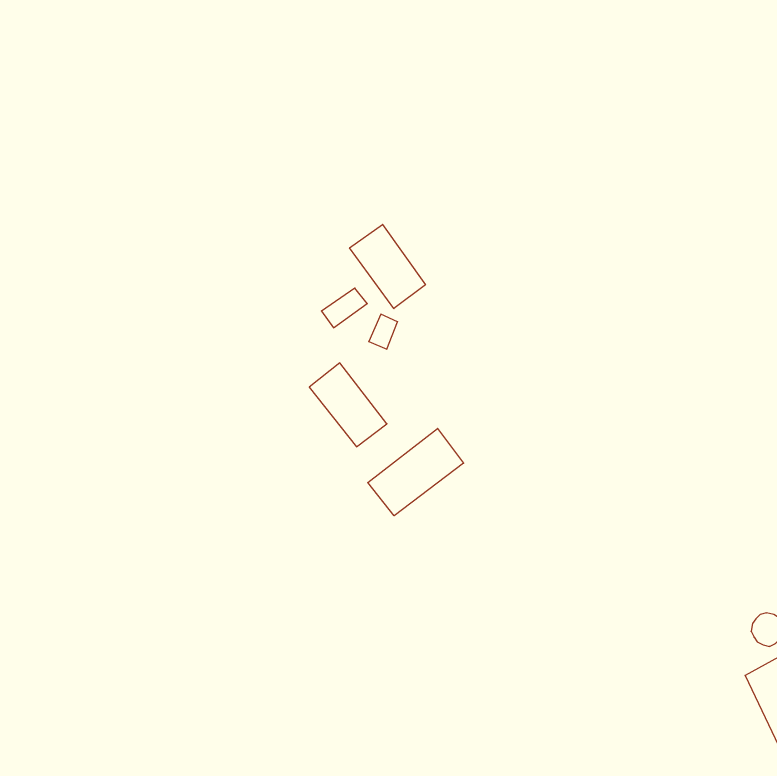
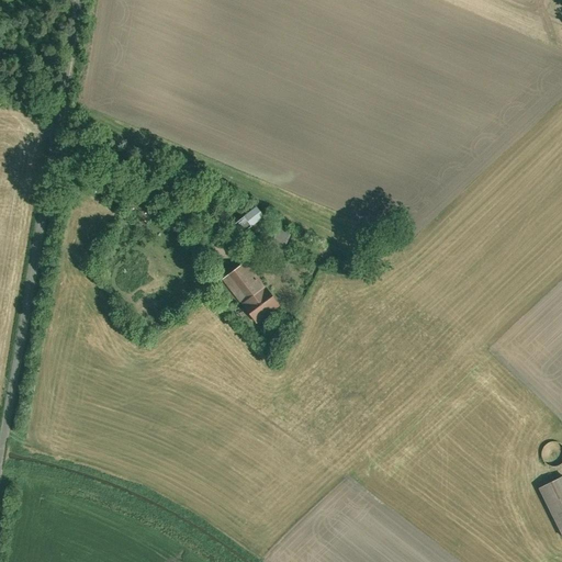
building: [350,224,425,309] -> none
building: [368,428,464,516] -> none

